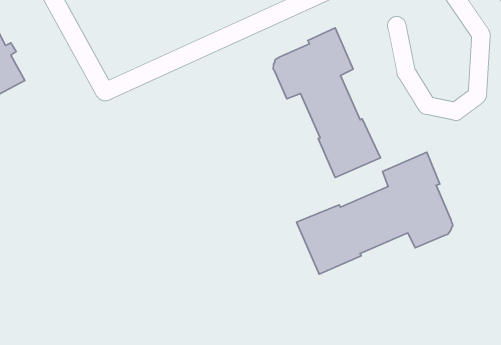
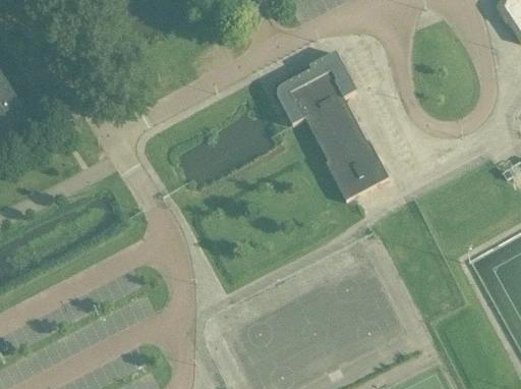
building: [297,152,453,274] -> none

